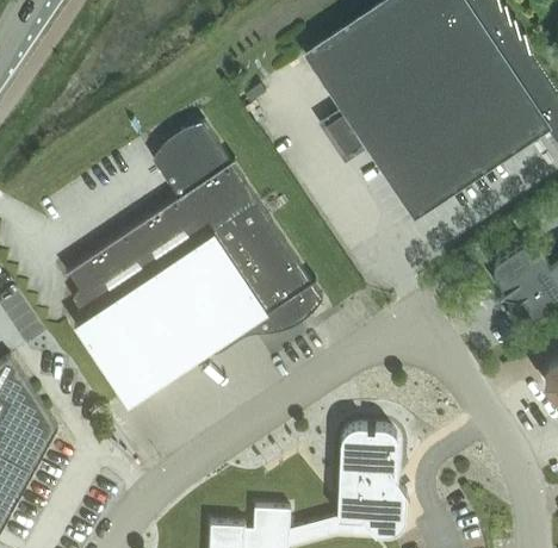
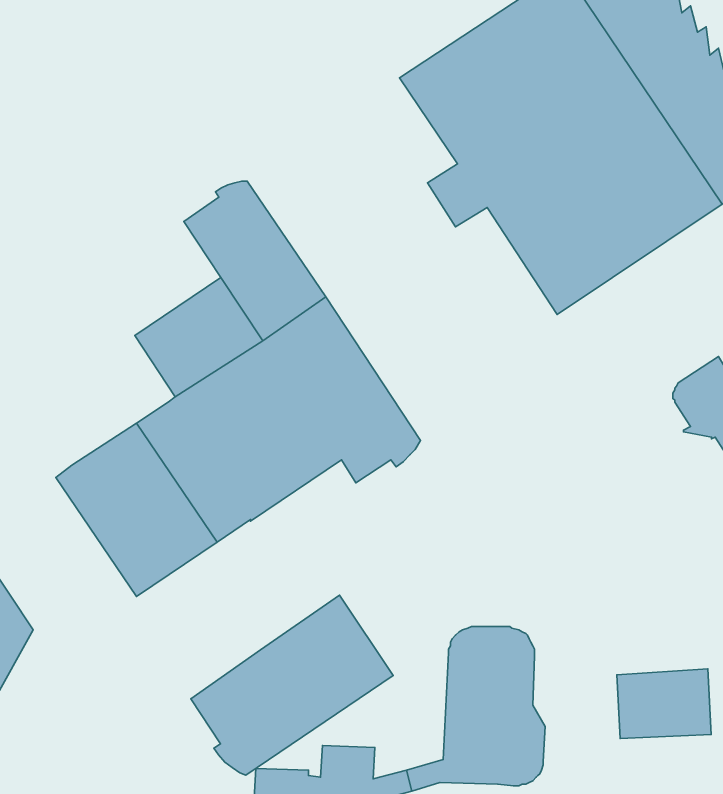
building: [64,230,154,318] -> none
building: none -> [191,595,393,775]
building: none -> [617,669,711,738]

